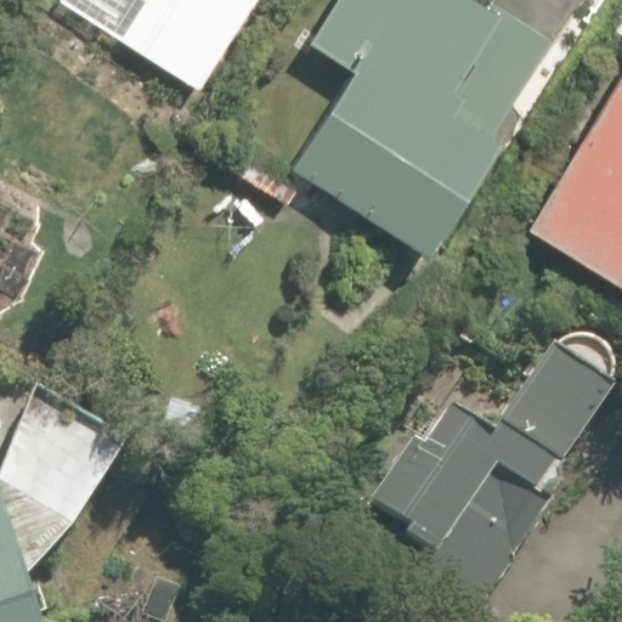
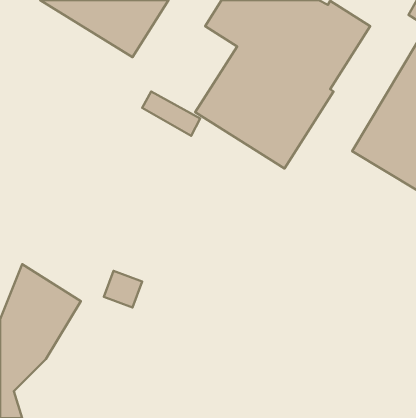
building: [363,350,612,616] -> none

